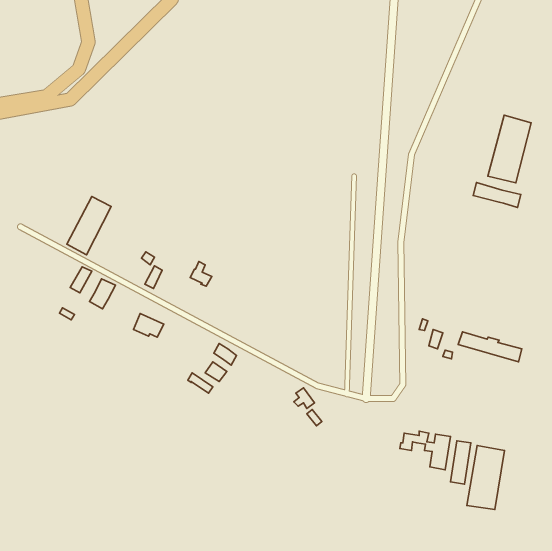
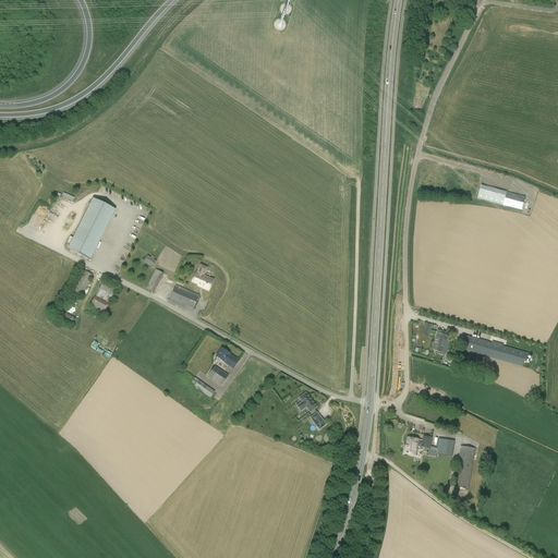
building: [488,115,531,183] -> none
building: [134,313,164,337] -> [169,283,199,307]
building: [467,446,504,509] -> none

